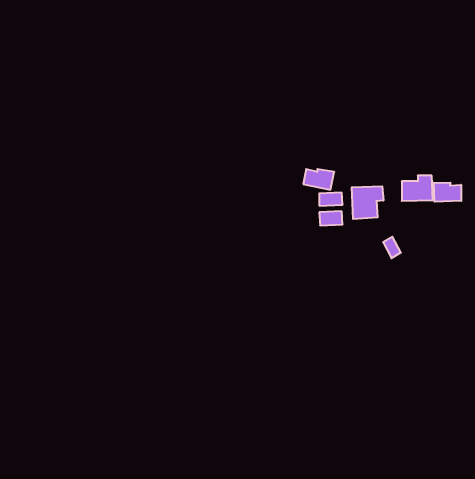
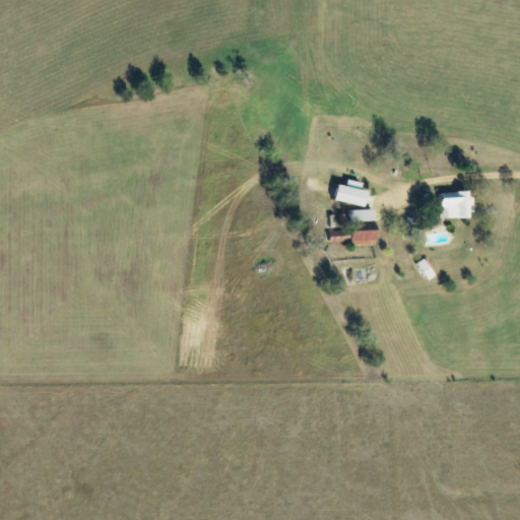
building: [434,183,461,202] -> none
building: [352,186,383,219] -> none

